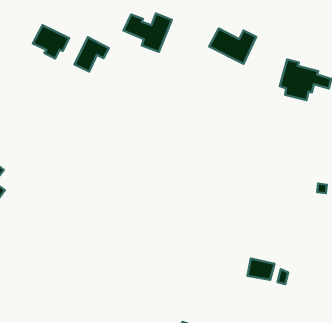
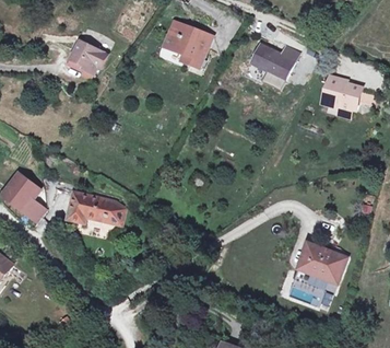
building: [74,37,109,71] -> none
building: none -> [67,190,125,223]
building: none -> [298,242,346,281]

